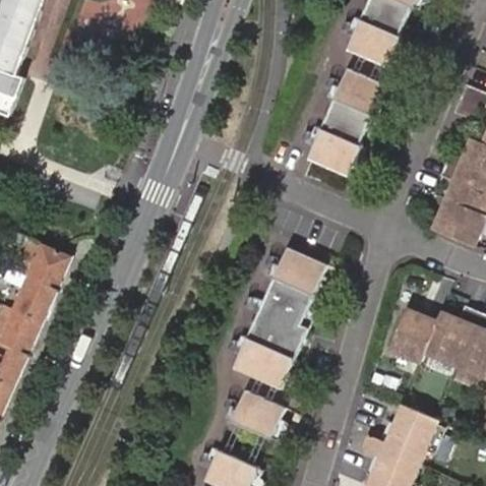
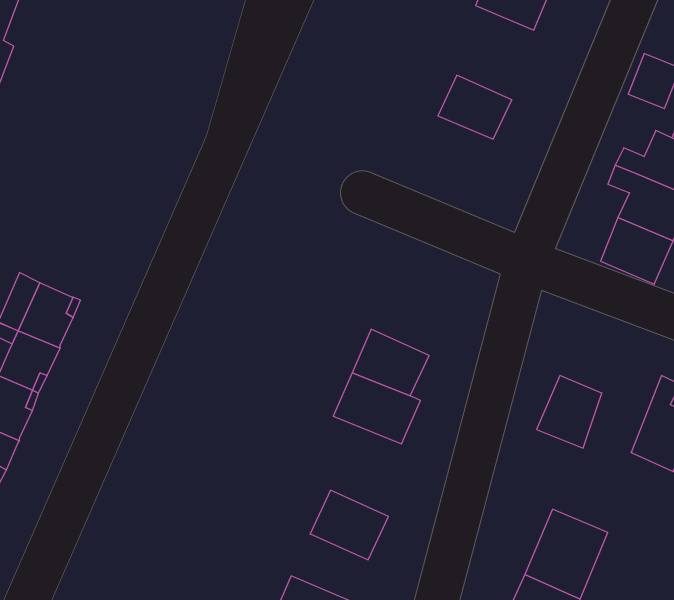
building: [332,69,386,117] -> none
building: [306,128,360,178] -> none
building: [272,247,326,296] -> none
building: [424,305,476,364] -> none
building: [233,339,294,389] -> none

